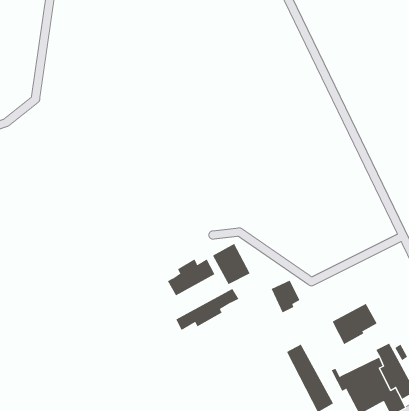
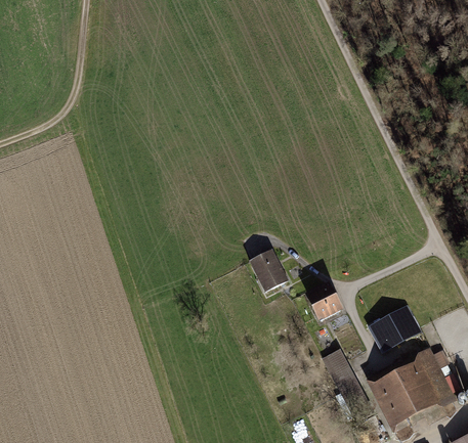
building: [167,258,215,296] -> none
building: [176,288,239,331] -> none

